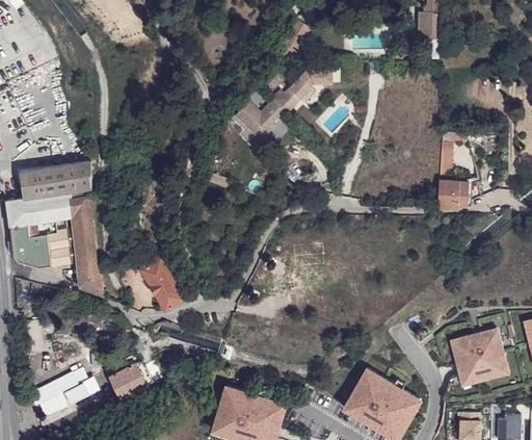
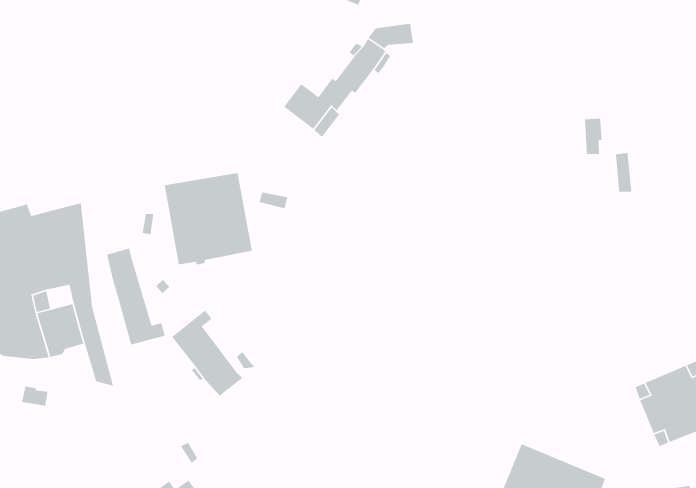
building: none -> [164,172,253,265]
building: [436,181,458,208] -> none
building: none -> [106,248,166,346]

